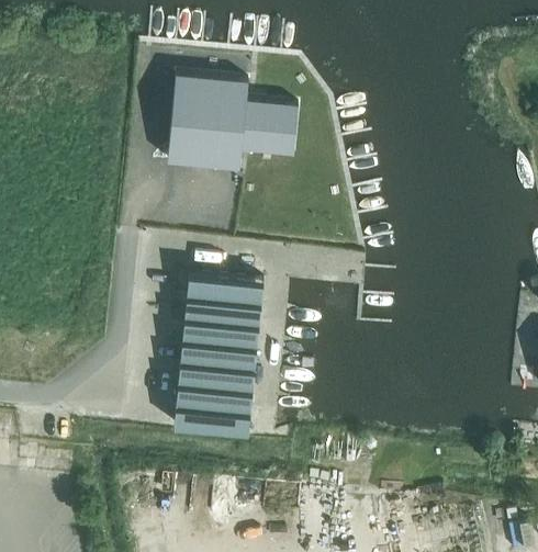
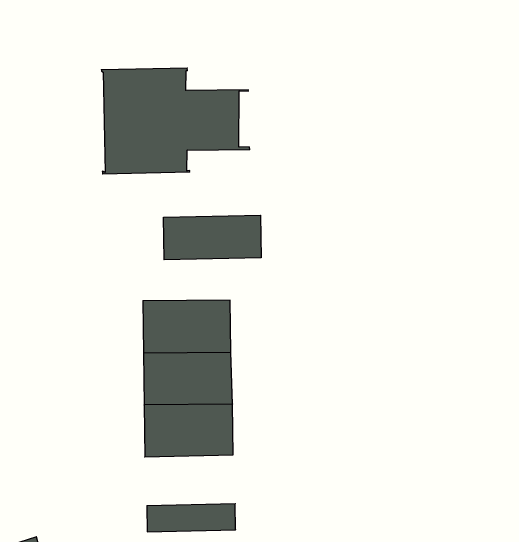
building: none -> [164,215,261,260]
building: [173,407,250,436] -> [147,504,236,532]

